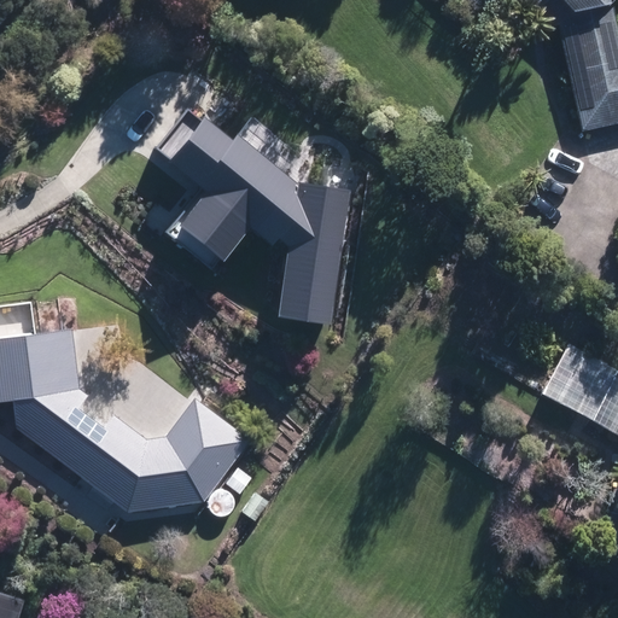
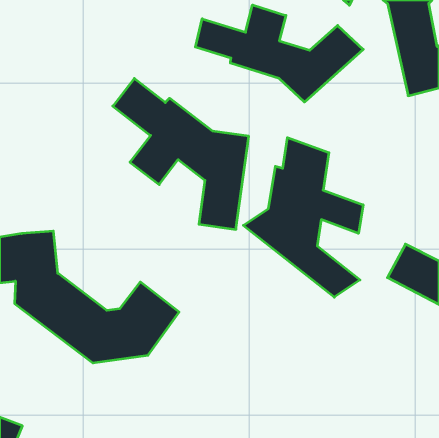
building: none -> [195,5,363,102]
building: none -> [243,138,363,297]

